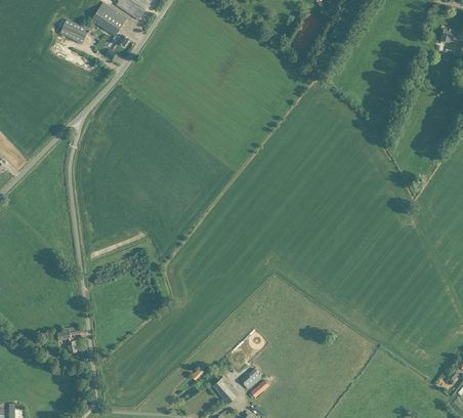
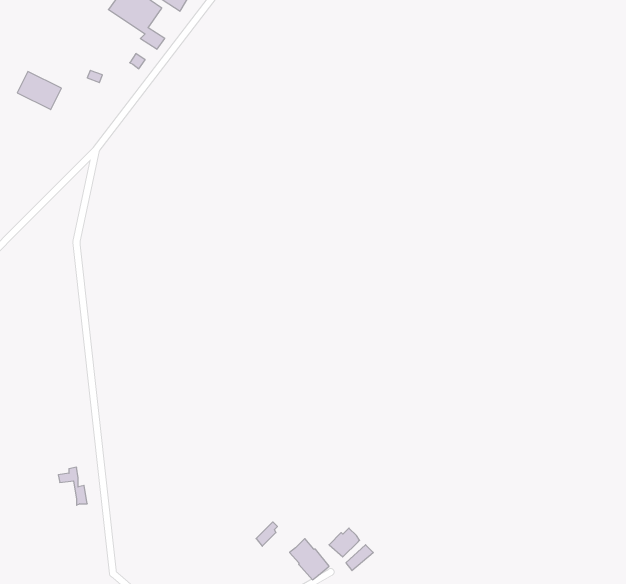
building: [59,18,89,44] -> [17,72,61,110]

